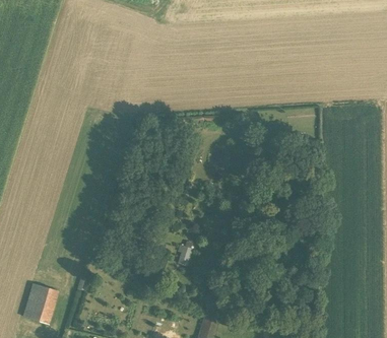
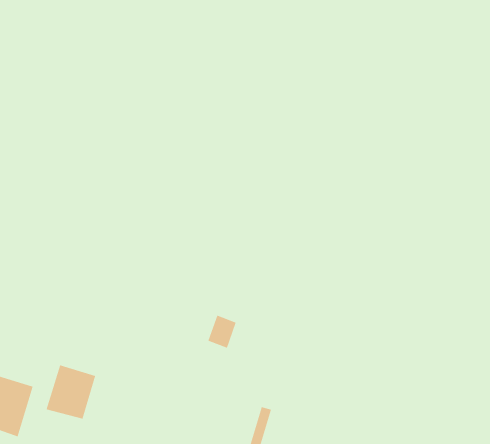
building: none -> [46,364,96,420]

